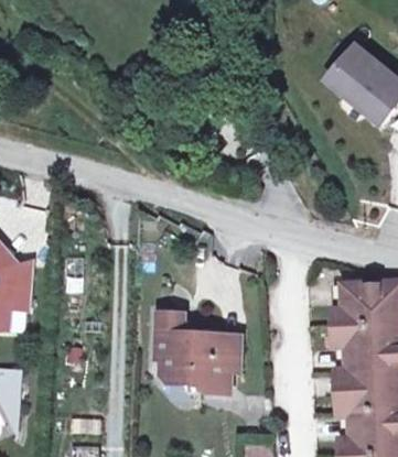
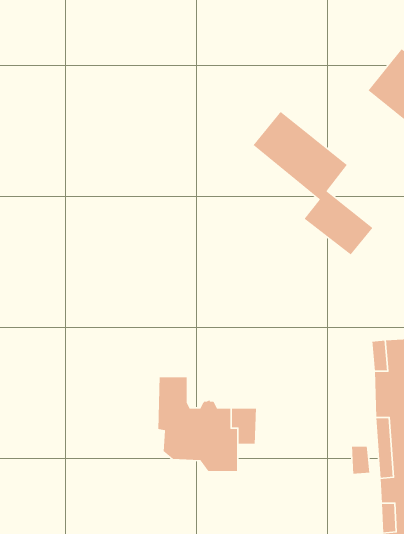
building: none -> [253,111,373,255]

